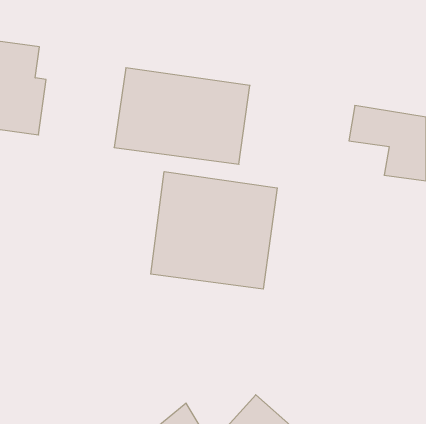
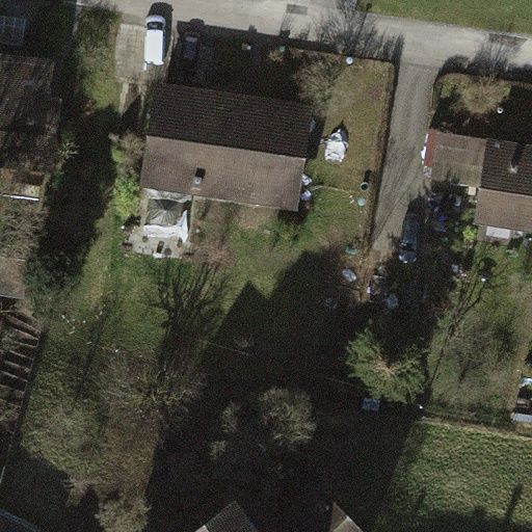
building: [151,172,277,289] -> none

